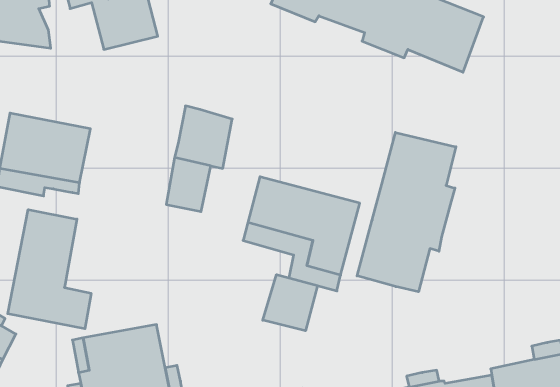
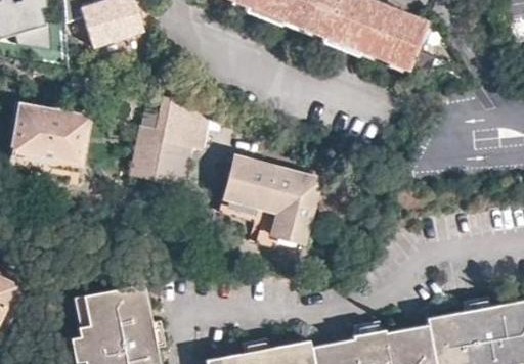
building: [357,132,456,292] -> none
building: none -> [130,124,163,180]
building: [8,210,91,329] -> none
building: [263,275,317,331] -> none

